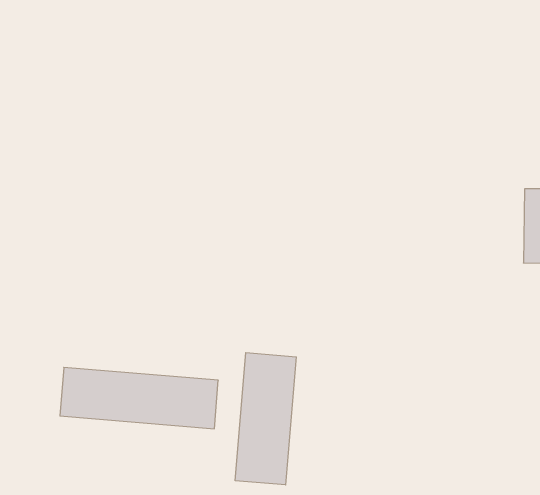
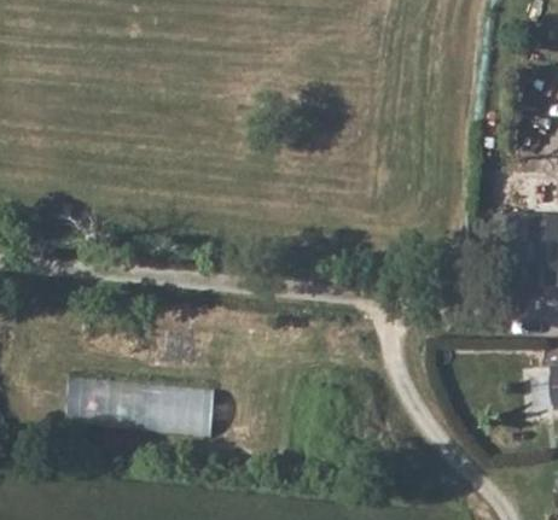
building: [235,353,296,485] -> none

